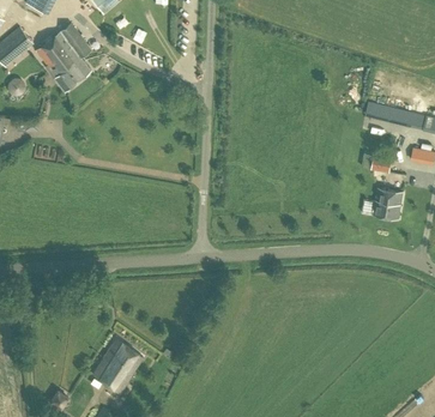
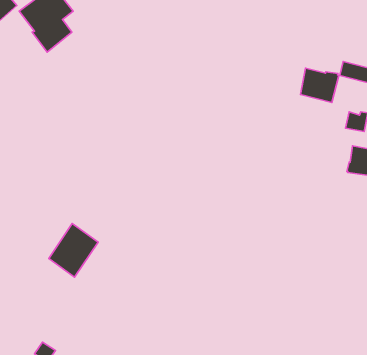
building: none -> [300,68,339,102]
building: [91,338,141,393] -> [49,223,98,277]

